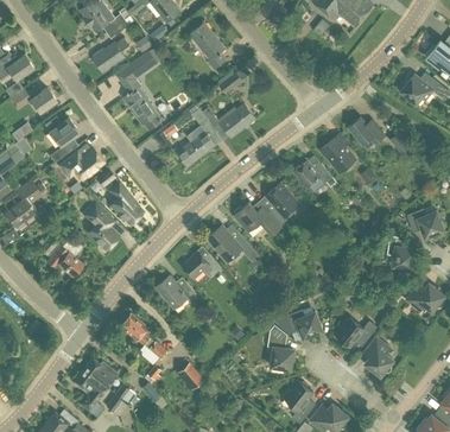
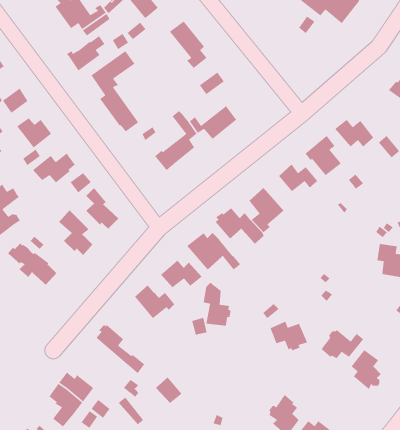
building: [267,325,294,368] -> [203,282,232,327]

